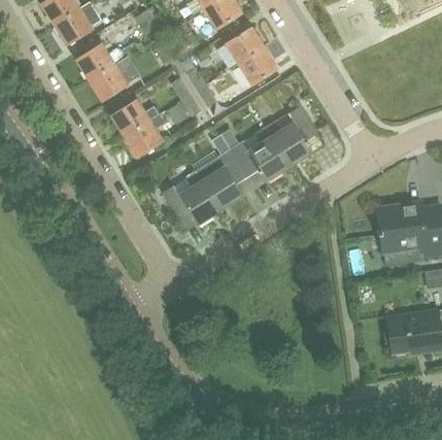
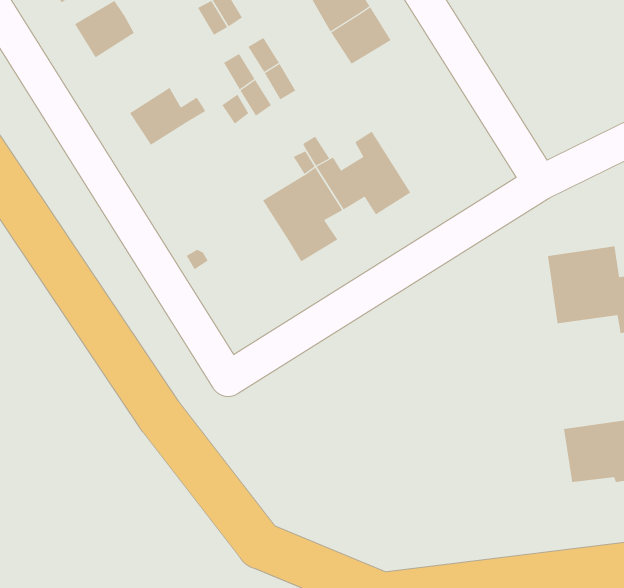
building: [89,64,127,101] -> none
building: [265,107,315,166] -> none
building: [124,112,165,157] -> none
building: [162,171,219,224] -> none

